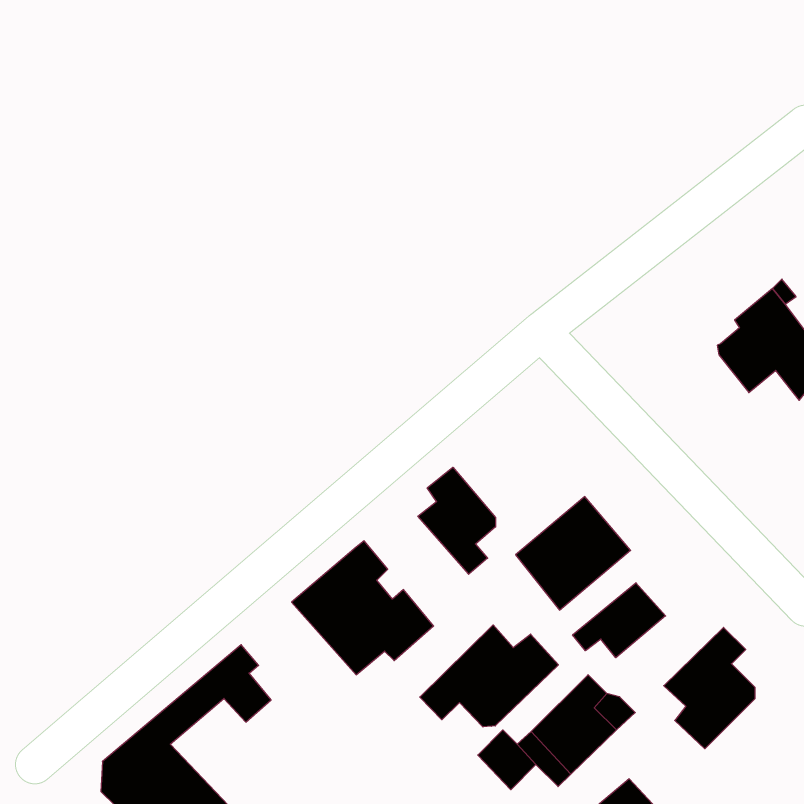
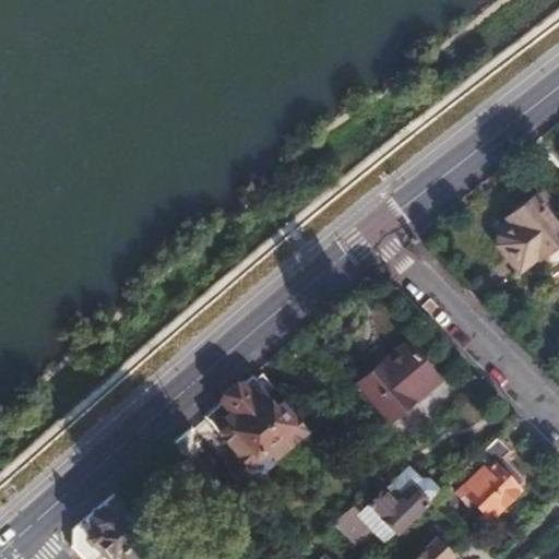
building: [418,467,496,574] -> none
building: [573,583,666,658] -> none
building: [420,625,558,727] -> none

